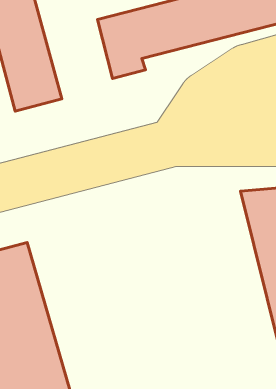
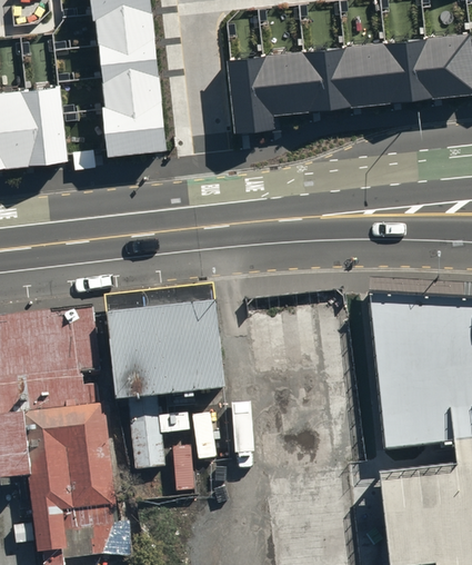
building: none -> [109,308,223,474]

